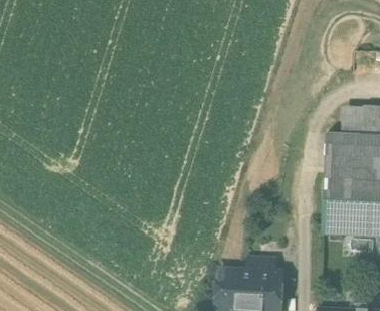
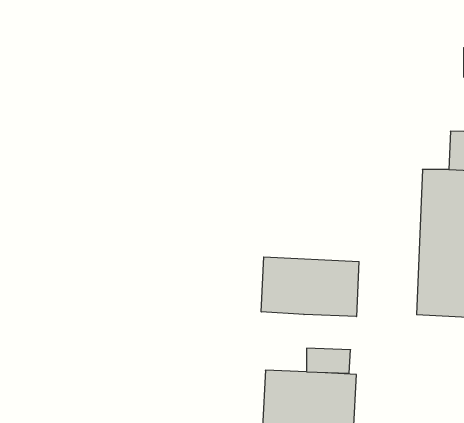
building: none -> [261,257,359,317]

